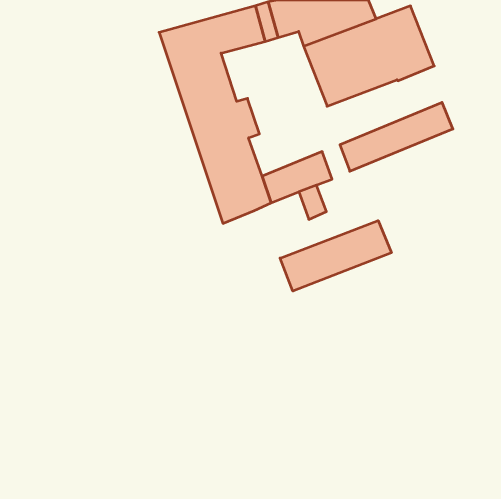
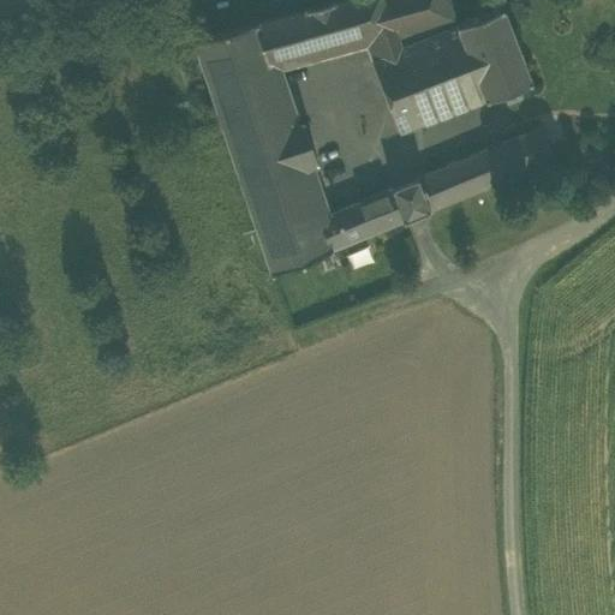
building: [299,185,326,219] -> [395,181,429,223]
building: [280,221,391,291] -> none

